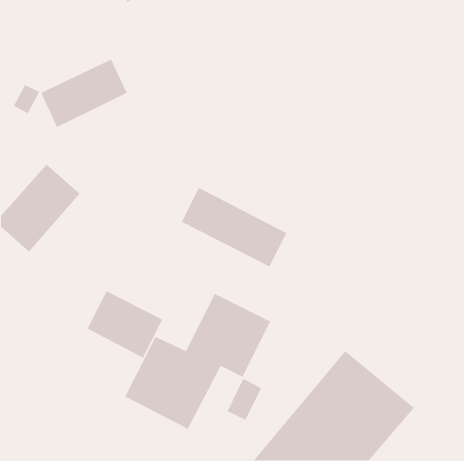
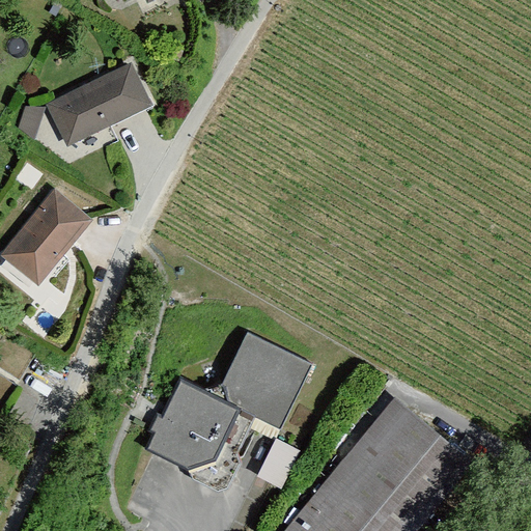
building: [181,187,287,267] -> none
building: [87,290,163,359] -> none

